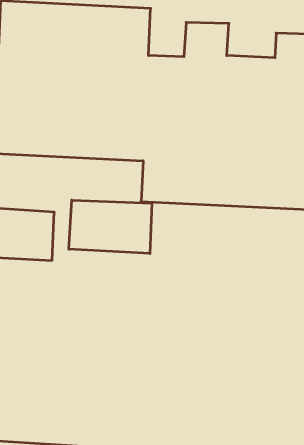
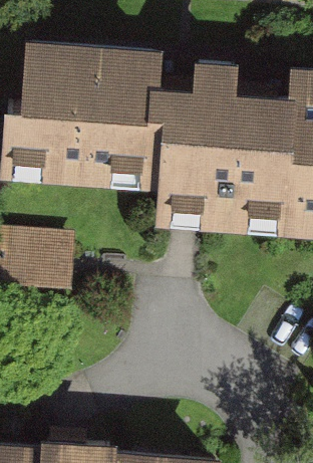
building: [69,200,152,254] -> none

